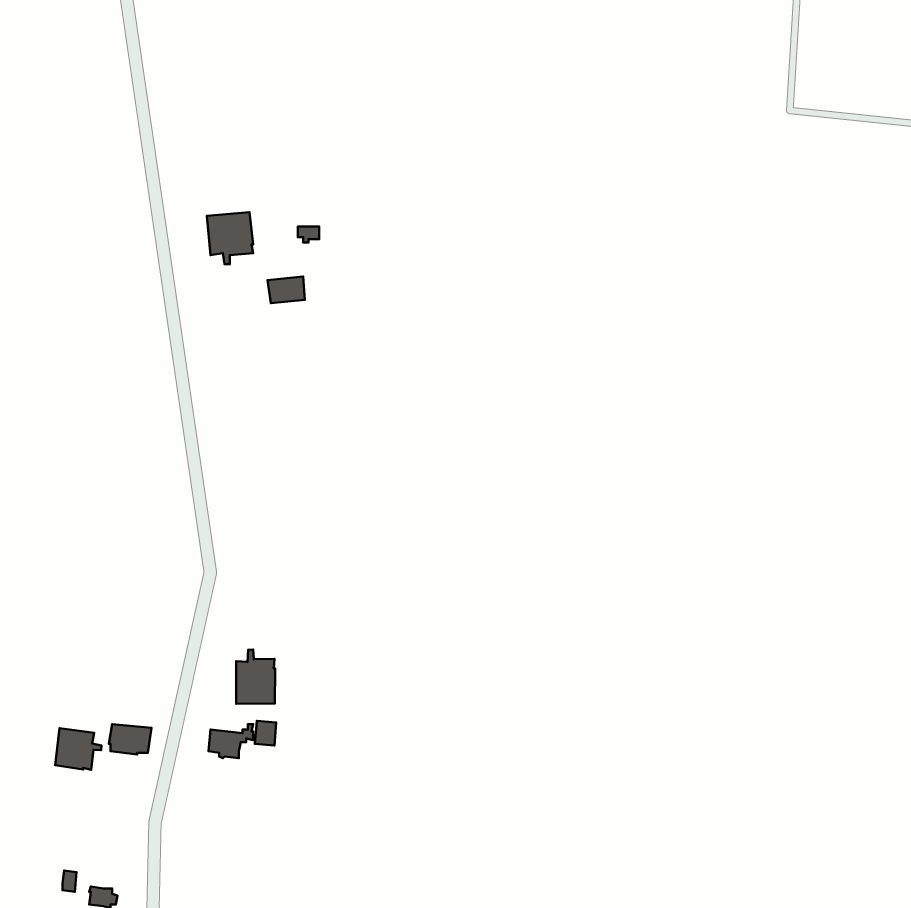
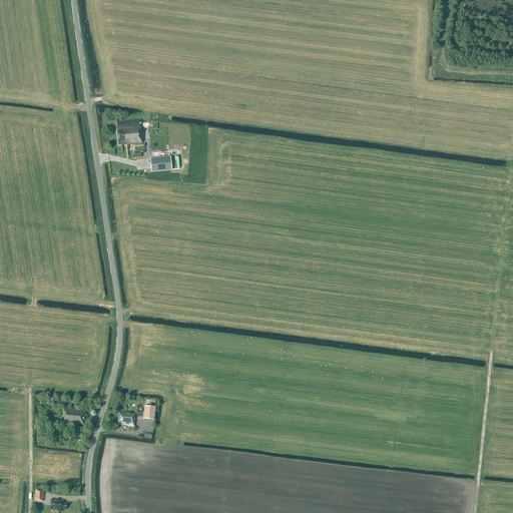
building: [236,649,275,704] -> none
building: [55,728,102,770] -> none

